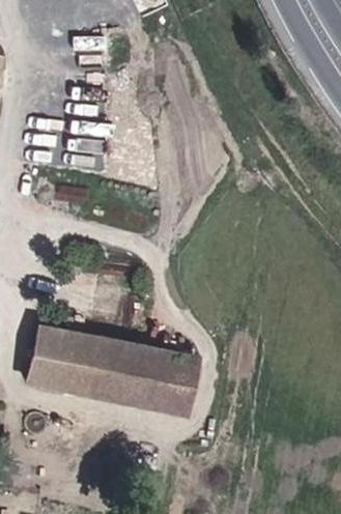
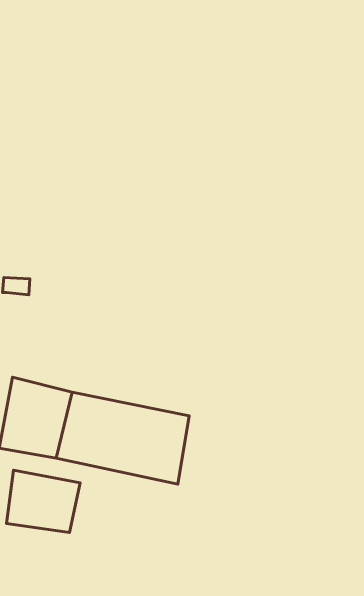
building: none -> [6,470,80,533]

